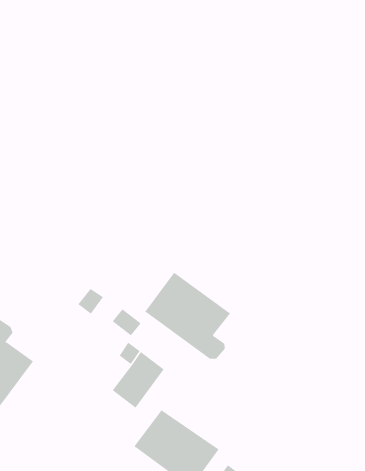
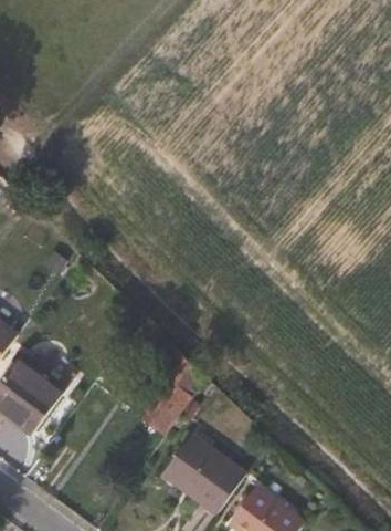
building: [145,272,231,359] -> none

